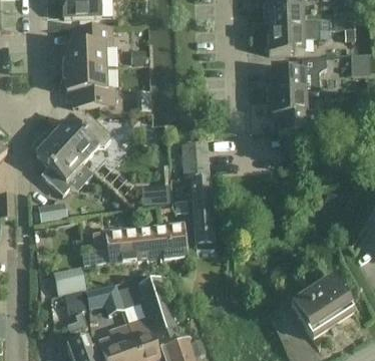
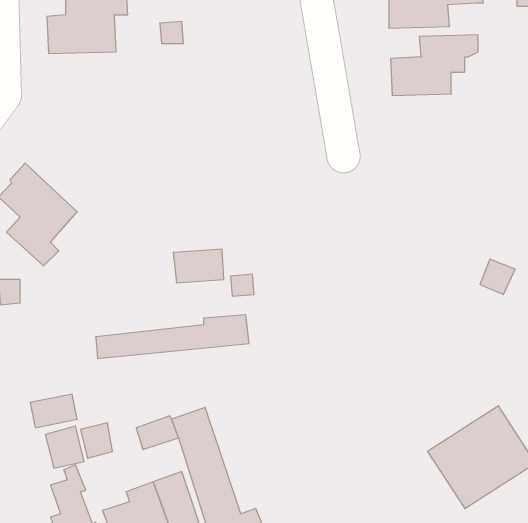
building: [65,66,114,105] -> none
building: [270,91,319,125] -> none
building: [51,116,109,161] -> none
building: [181,141,209,173] -> none
building: [191,177,213,250] -> none
building: [94,240,186,263] -> none

